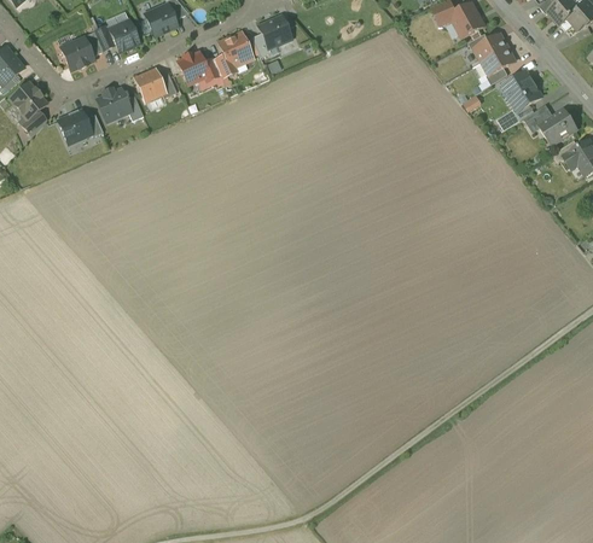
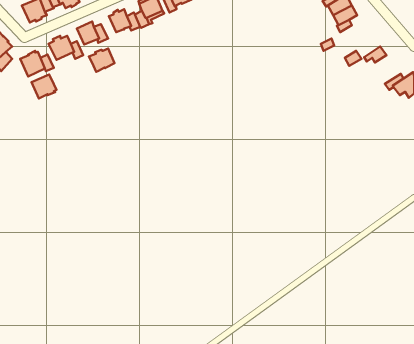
building: [502,70,542,110] -> none
building: none -> [89,48,115,72]
building: [539,112,577,145] -> none
building: none -> [31,75,56,98]

